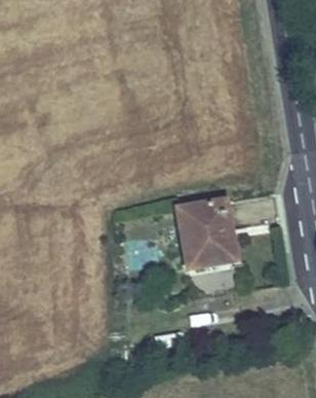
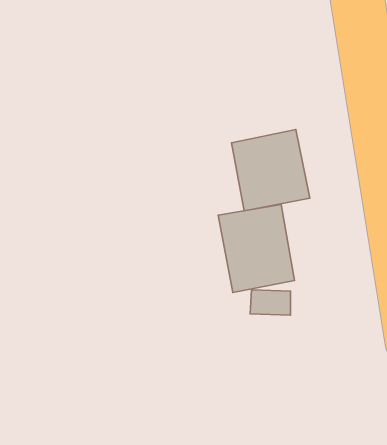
building: none -> [232,129,310,211]

